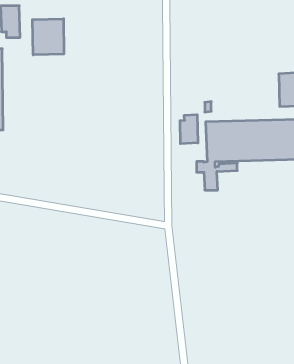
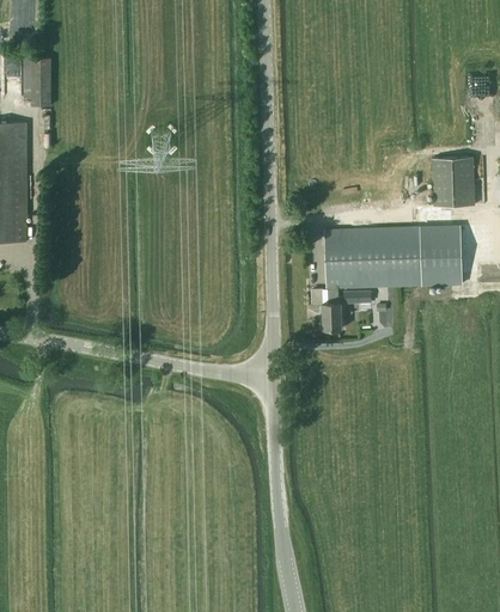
building: [32,19,64,55] -> none
building: [180,115,198,144] -> none

